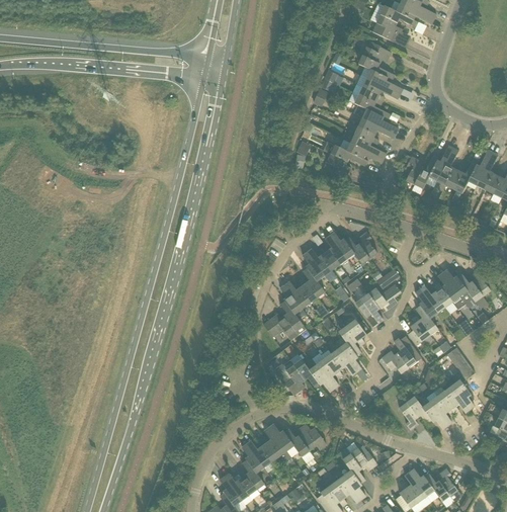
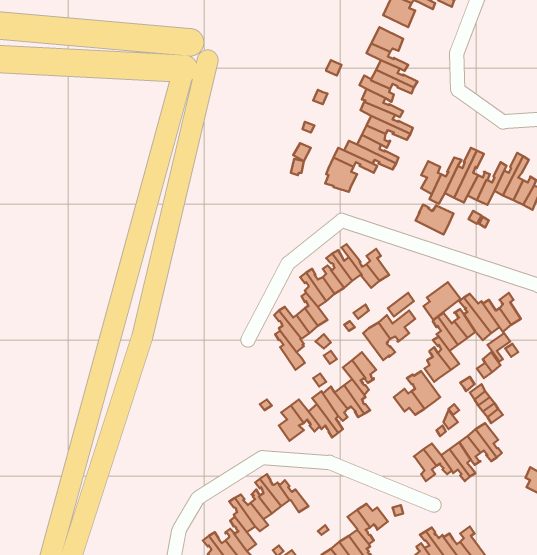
building: none -> [416,204,453,235]
building: none -> [423,282,461,320]
building: [261,312,297,338] -> none
building: [297,422,325,449] -> none

